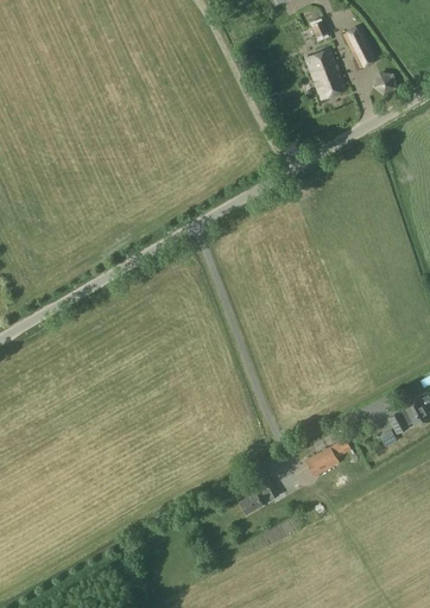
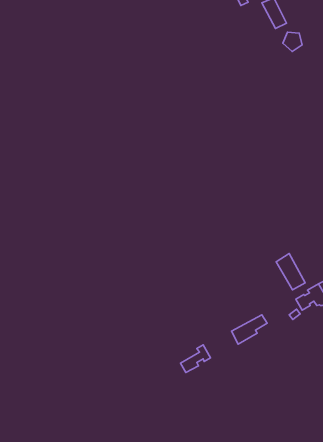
building: [305,49,344,99] -> none
building: none -> [276,254,305,290]

